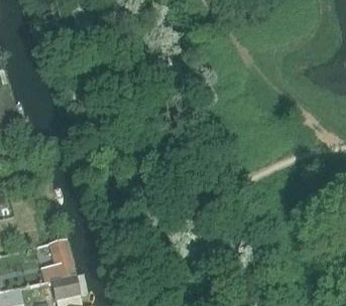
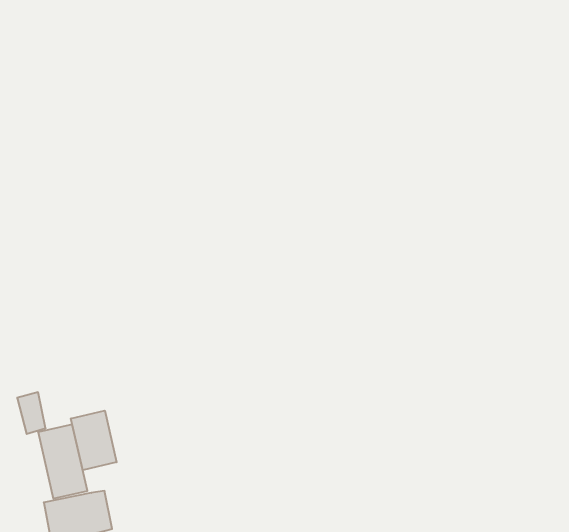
building: none -> [71,411,117,470]

